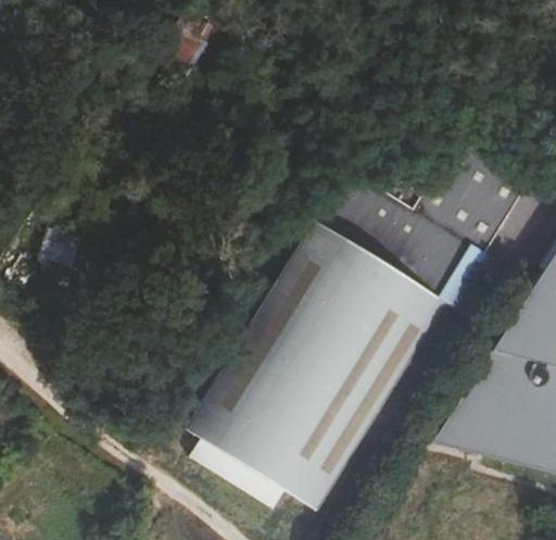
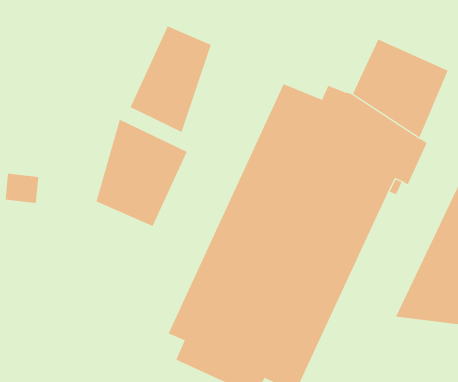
building: none -> [130,26,211,133]
building: none -> [96,119,188,227]

